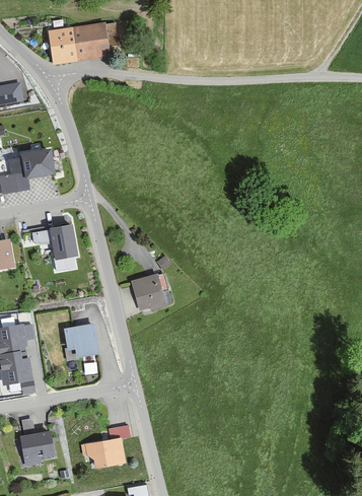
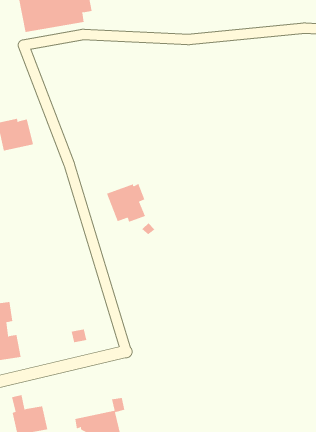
building: [30,225,77,261] -> none
building: [130,274,167,311] -> [106,183,146,222]
building: [64,325,99,358] -> none

